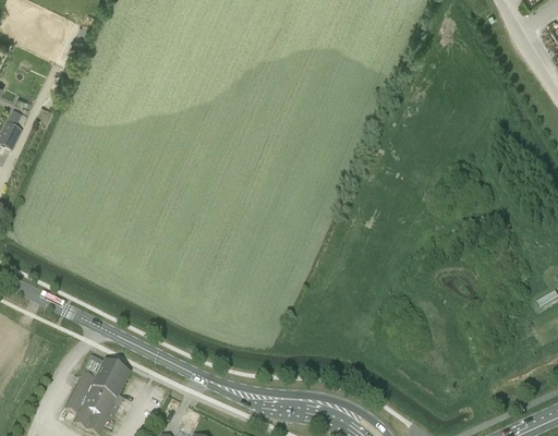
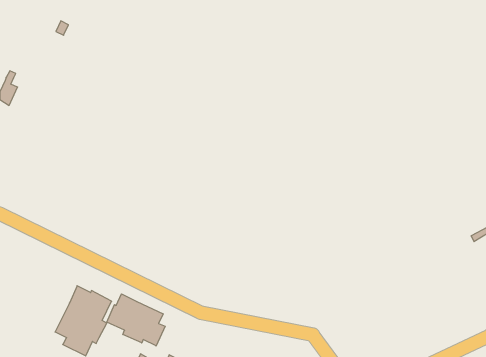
building: none -> [107,294,165,346]

